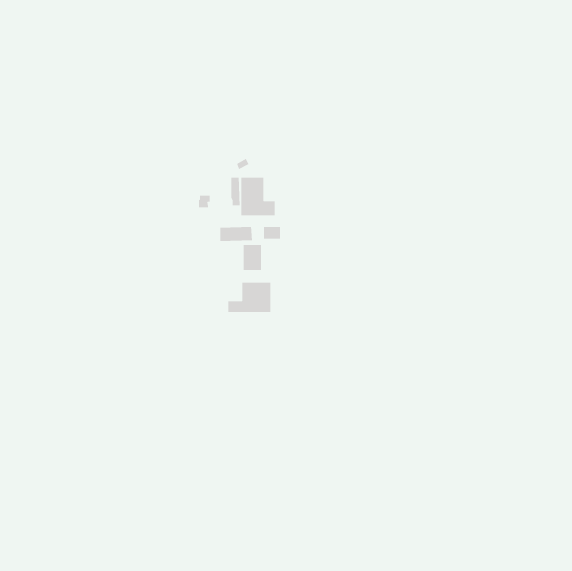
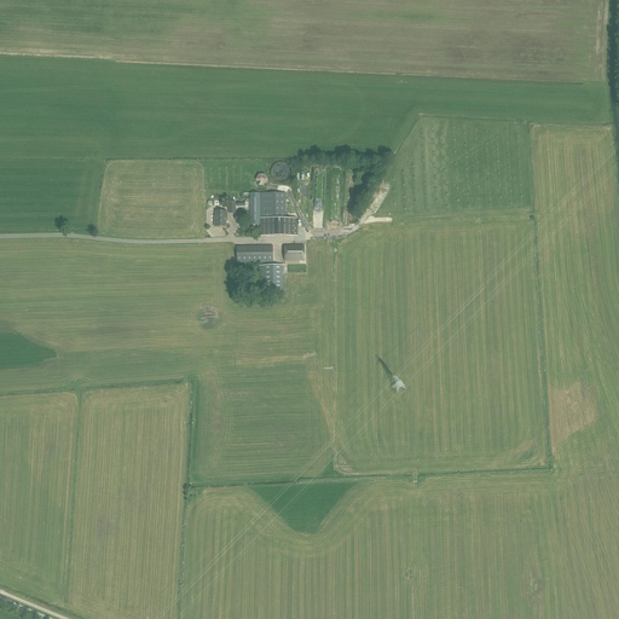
building: [227,282,271,313] -> none

